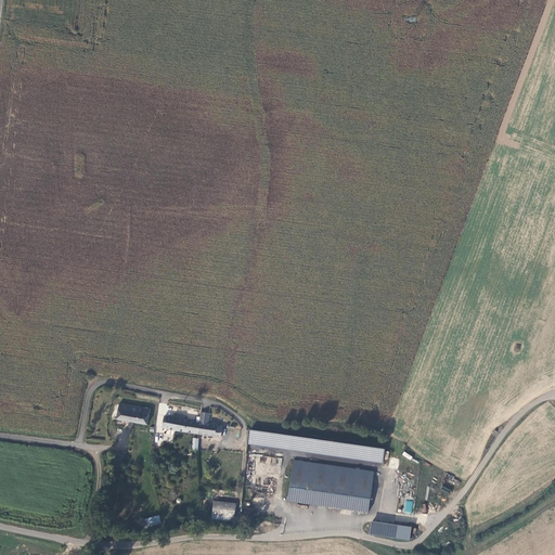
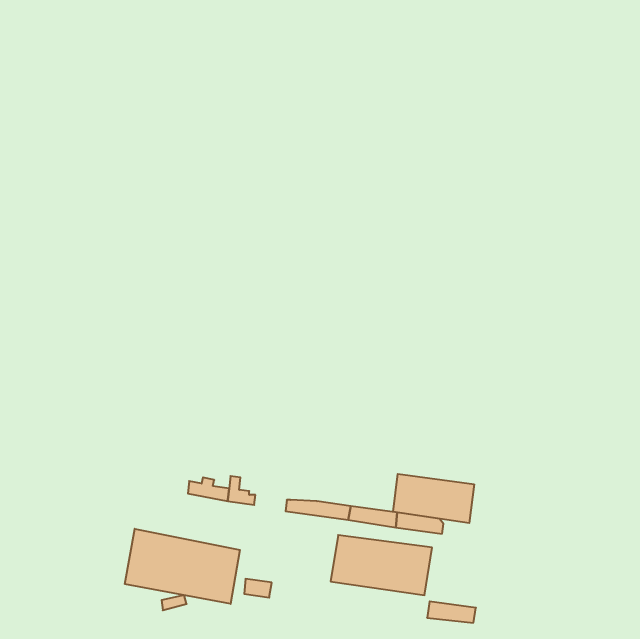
building: [116,404,149,425] -> none
building: none -> [393,474,474,523]
building: none -> [125,529,240,604]

